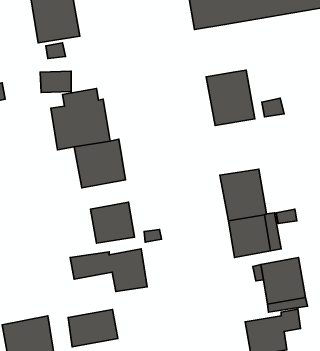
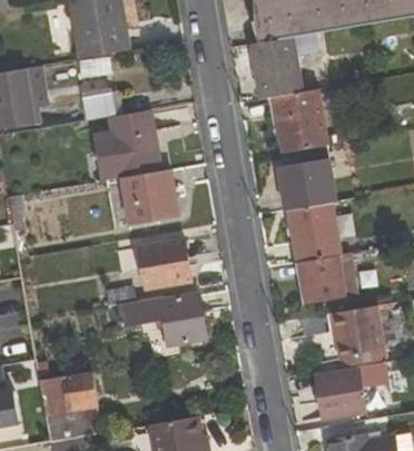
building: none -> [250,37,303,99]
building: none -> [277,159,335,210]
building: [68,309,118,347] -> none

